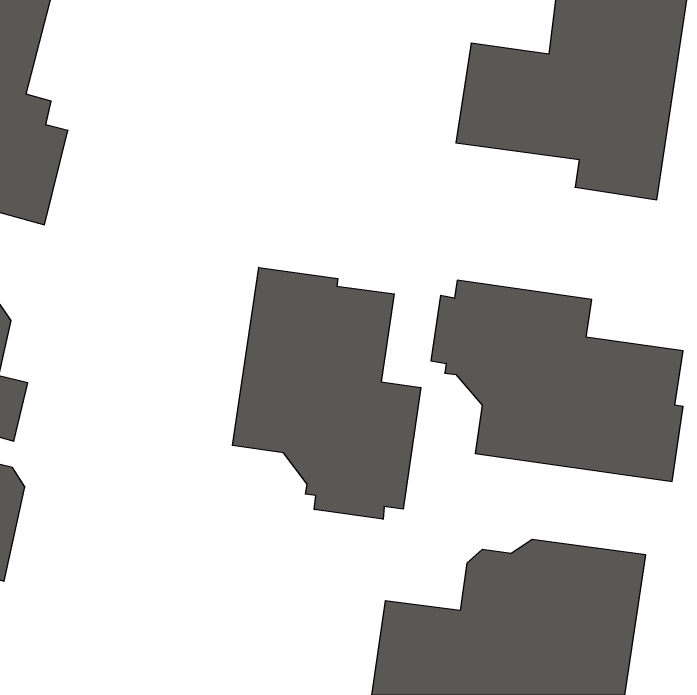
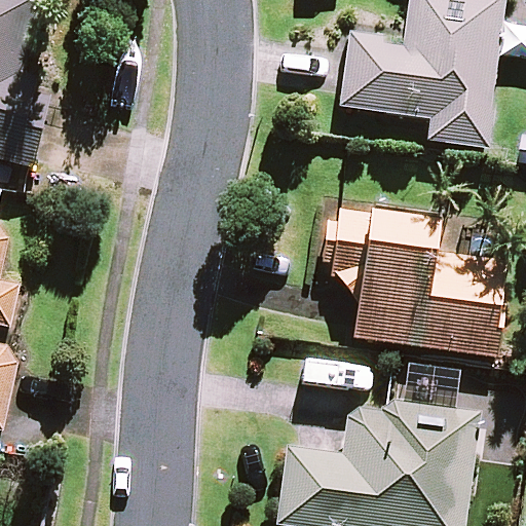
building: [232,267,421,519] -> none

